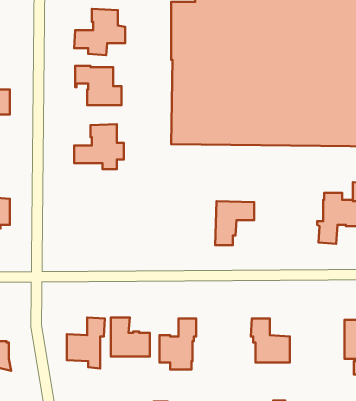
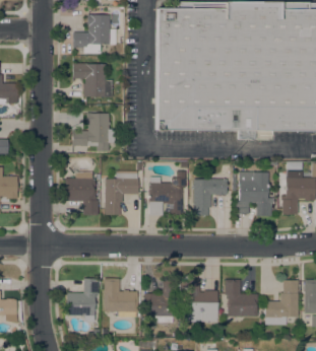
building: none -> [66,170,99,215]
building: none -> [149,170,187,216]
building: none -> [106,171,139,215]
building: none -> [237,171,274,216]
building: none -> [185,279,218,322]
building: none -> [265,280,300,325]

